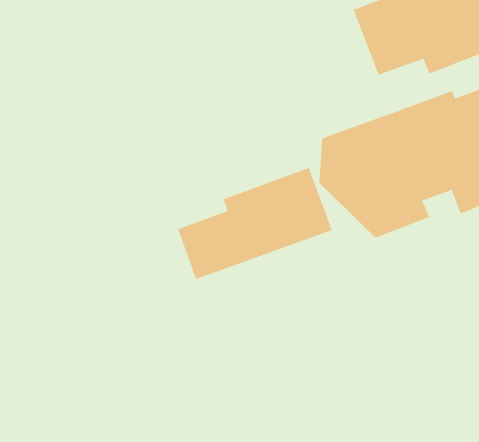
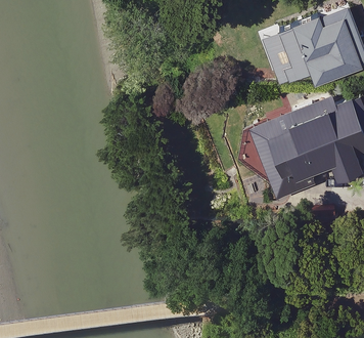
building: [177,167,332,280] -> none

